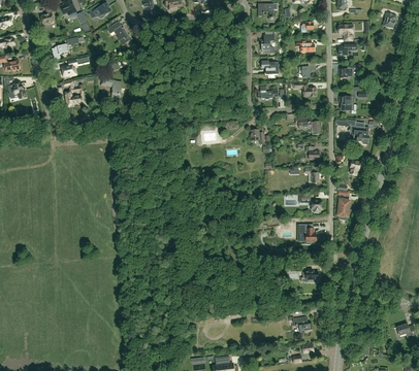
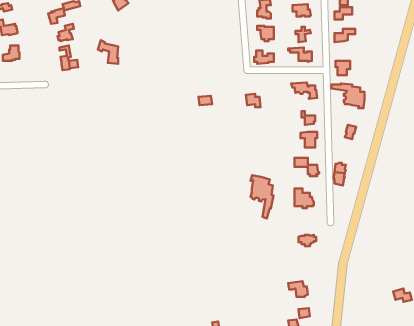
building: none -> [251,175,274,218]

